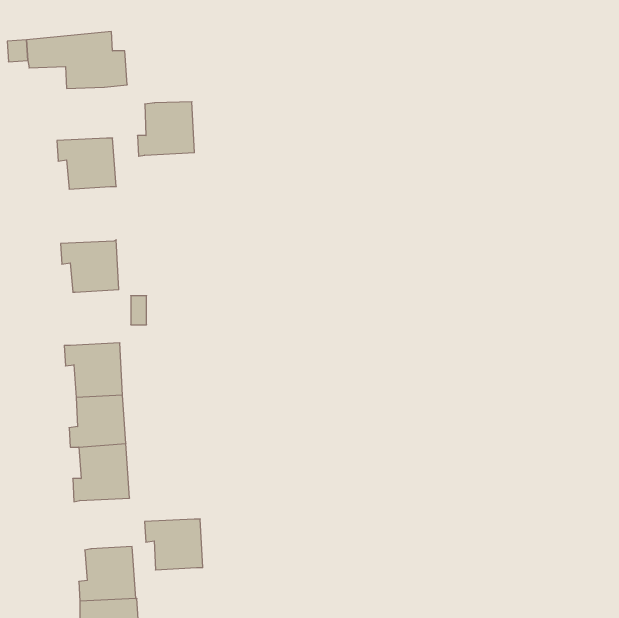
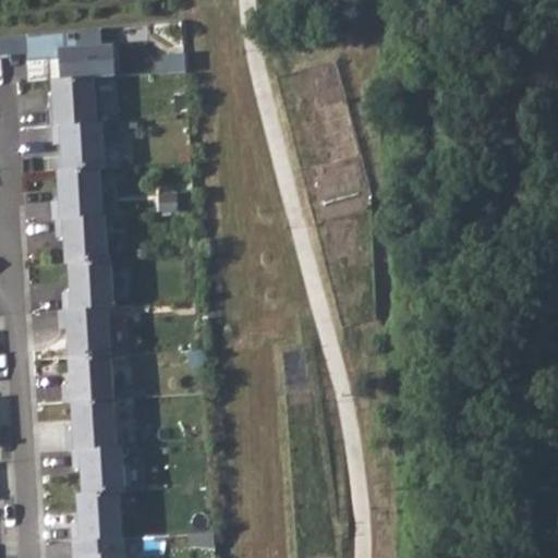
building: [137,102,194,156] -> [45,80,96,129]
building: none -> [51,169,102,220]
building: none -> [62,262,113,312]
building: [145,519,203,570] -> [72,449,124,495]

